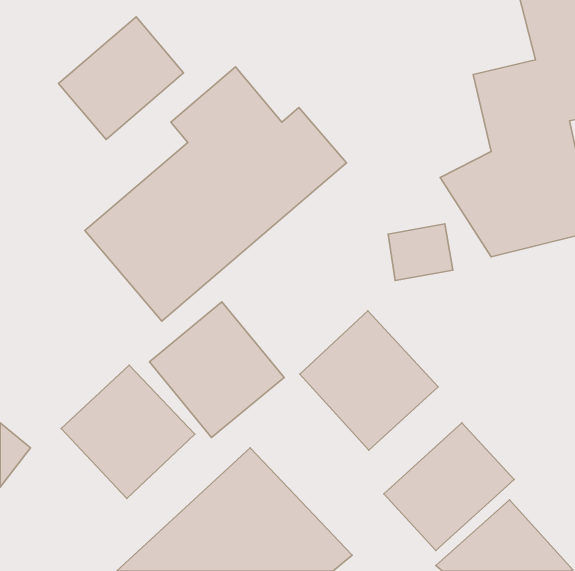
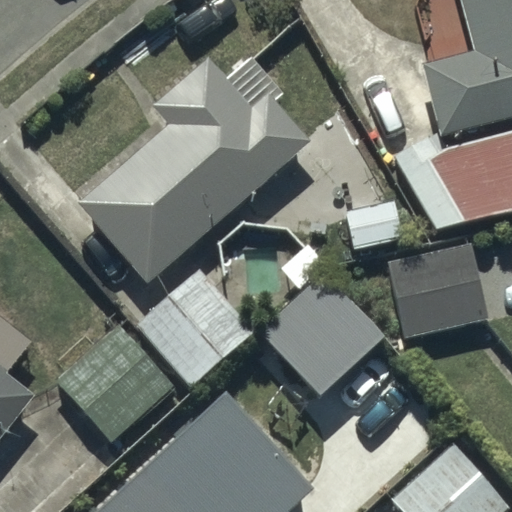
building: [59,17,184,139] -> none
building: none -> [386,242,485,339]
building: [384,423,514,551] -> none

